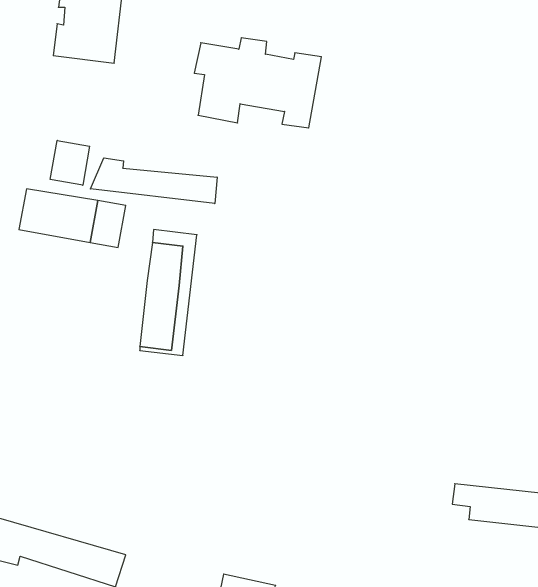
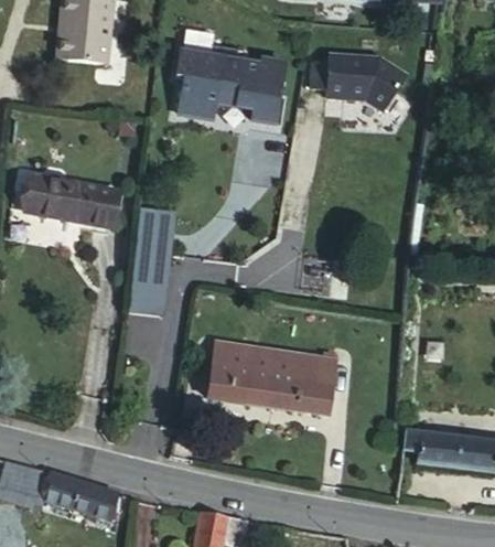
building: none -> [324,54,408,114]
building: [50,140,90,185] -> none
building: [90,158,217,204] -> none
building: none -> [206,341,334,415]

